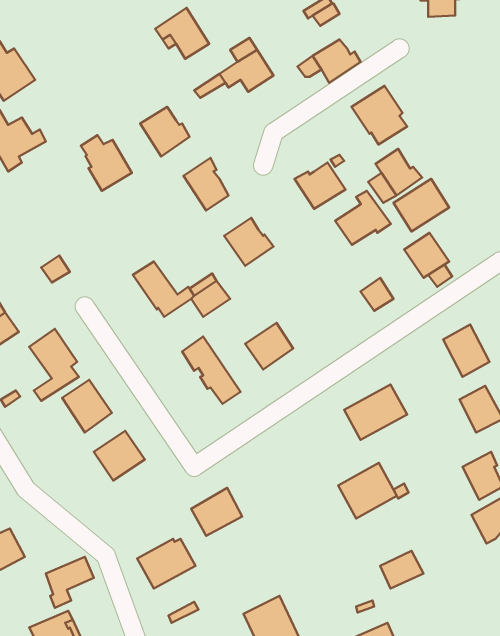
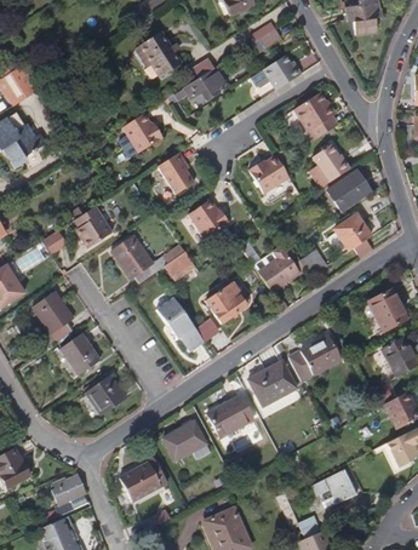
building: [81,135,132,191] -> [70,204,111,248]
building: [335,191,391,245] -> [257,247,302,291]
building: none -> [205,394,252,436]
building: [338,463,397,518] -> [248,360,296,405]

